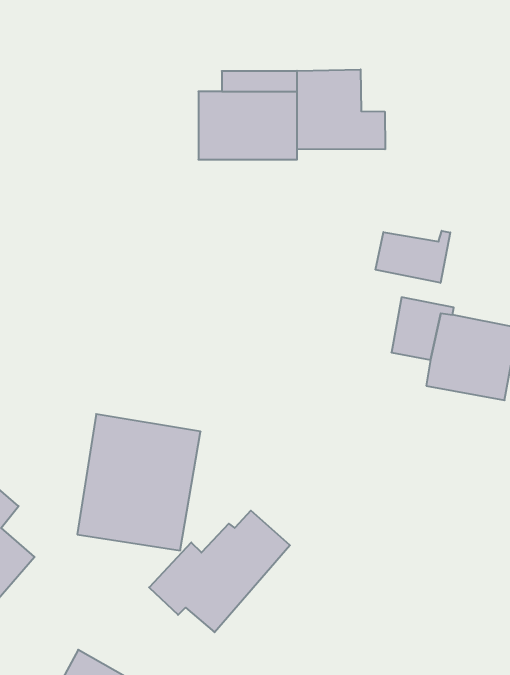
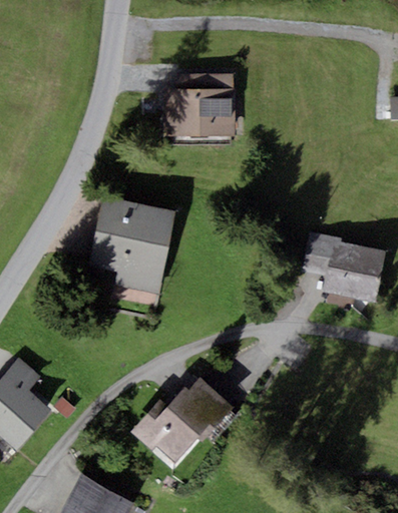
building: [297,69,385,149] -> none
building: [376,231,450,283] -> none
building: [77,414,201,550] -> [89,199,174,294]

